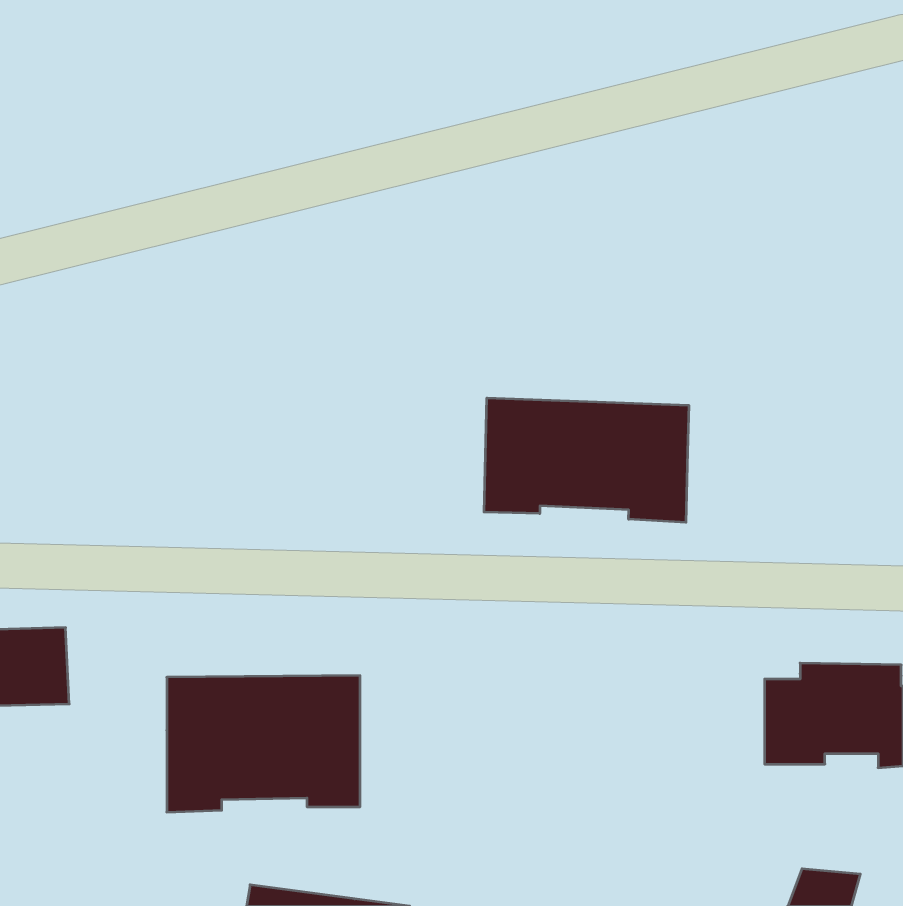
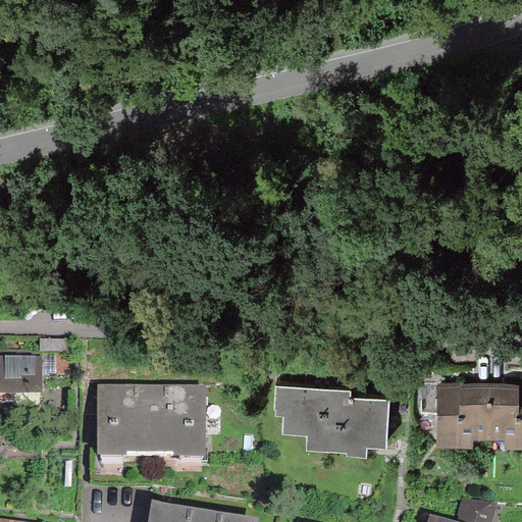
building: [484,398,689,522] -> none
building: none -> [274,378,389,450]

